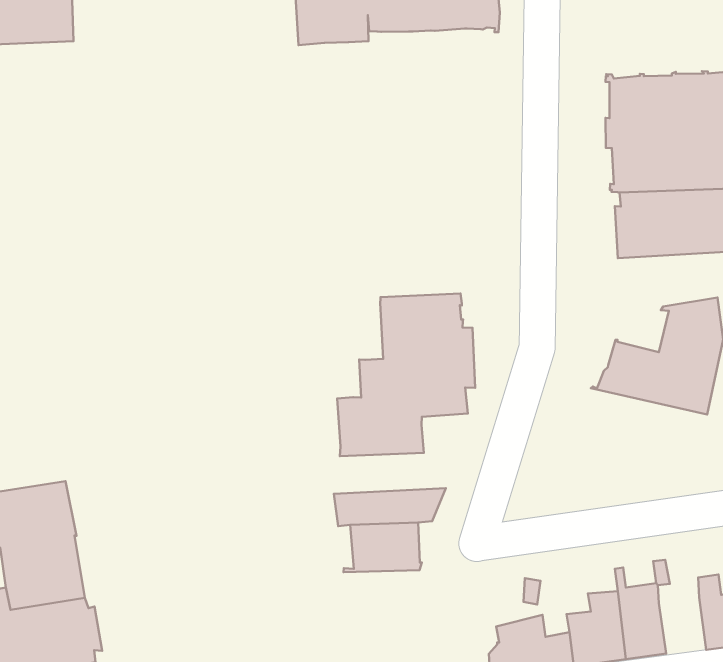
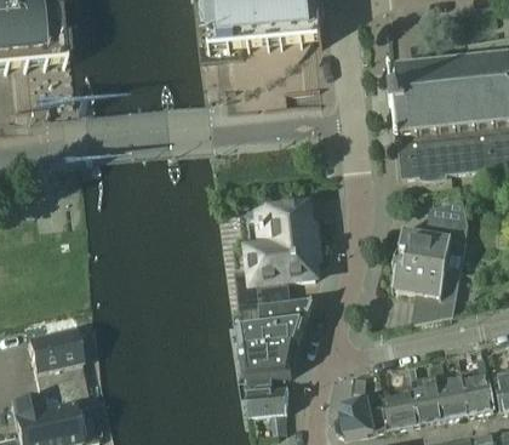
building: none -> [389,257,461,323]
building: none -> [236,299,313,330]
building: none -> [245,380,288,415]
building: none -> [437,381,468,416]

